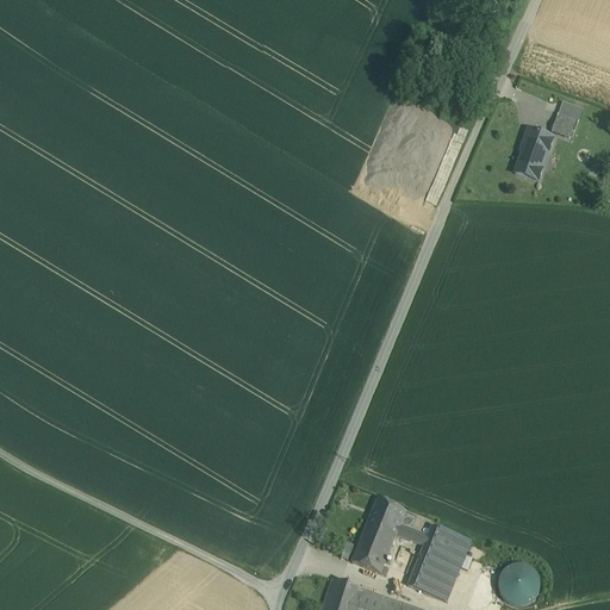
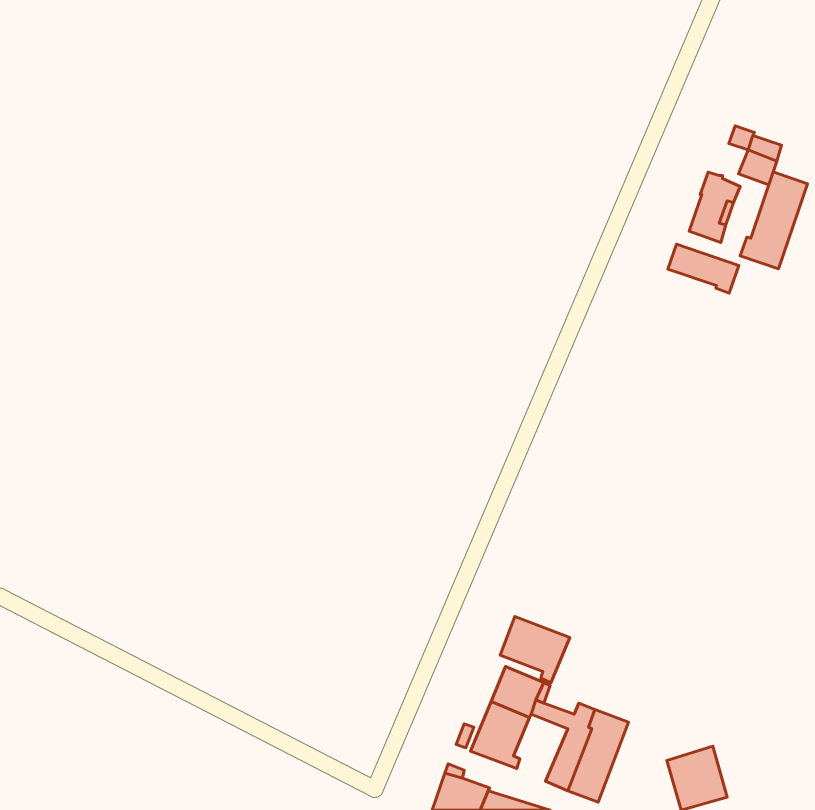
building: none -> [740,172,807,269]
building: none -> [668,244,739,293]
building: none -> [500,617,570,683]

